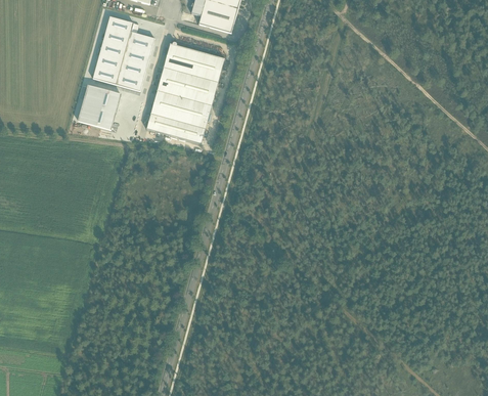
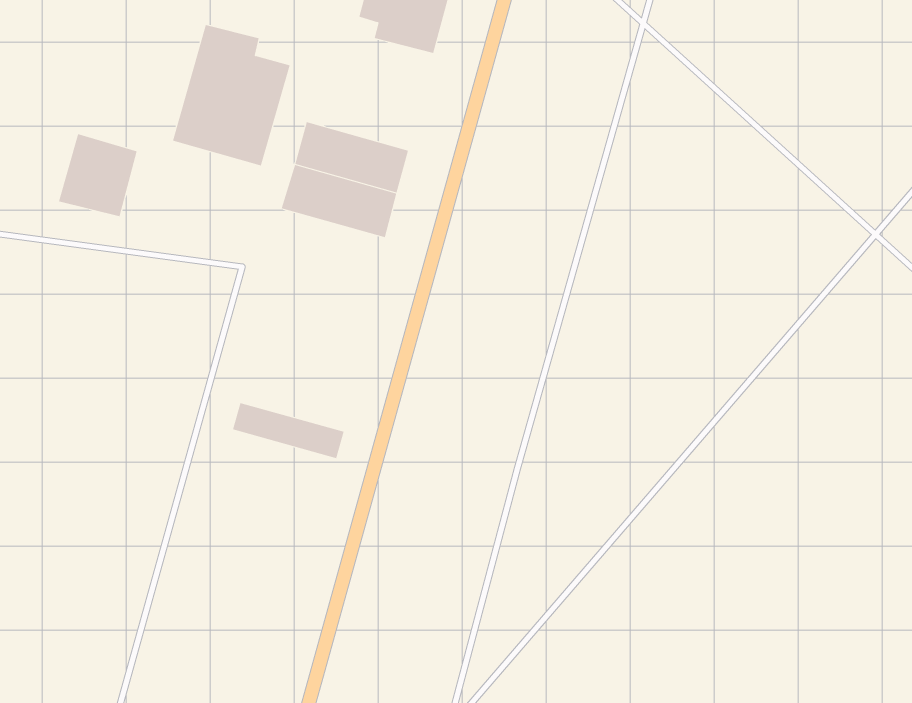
building: [163,42,224,83] -> none
building: [78,85,120,129] -> [58,134,138,217]
building: [145,114,205,143] -> [232,403,344,459]

